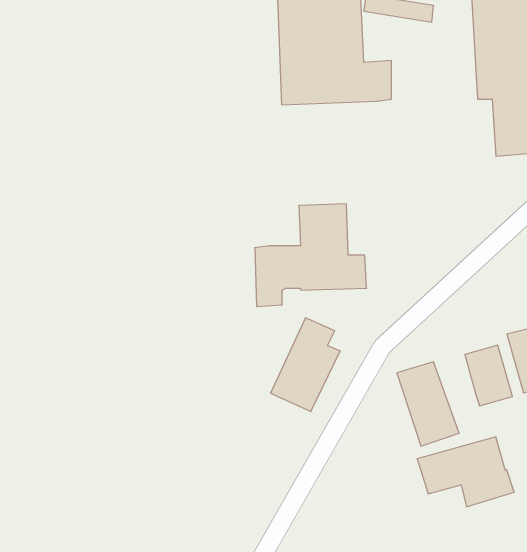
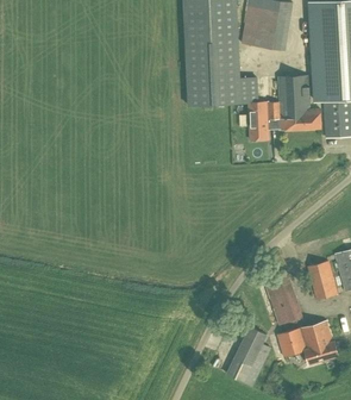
building: [255,204,367,307] -> [249,74,321,140]
building: [271,318,340,412] -> [225,326,270,387]

